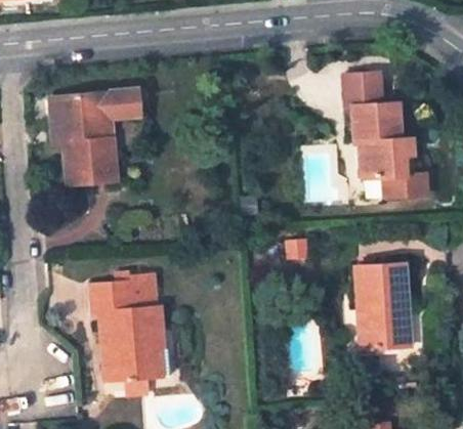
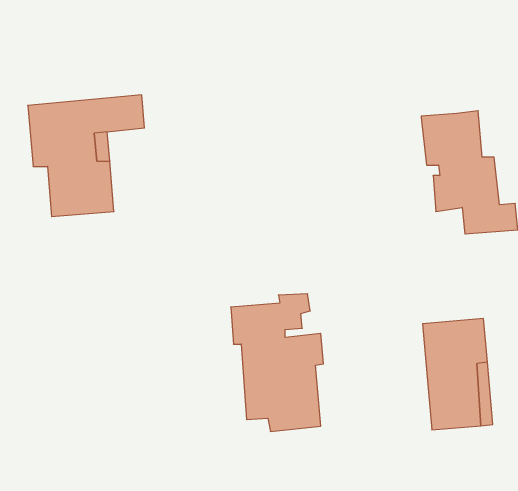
building: [345,72,381,108] -> none
building: [91,275,163,382] -> [231,294,323,431]

